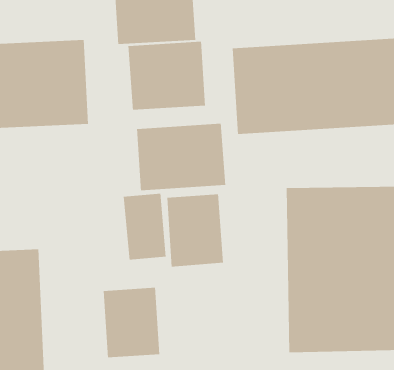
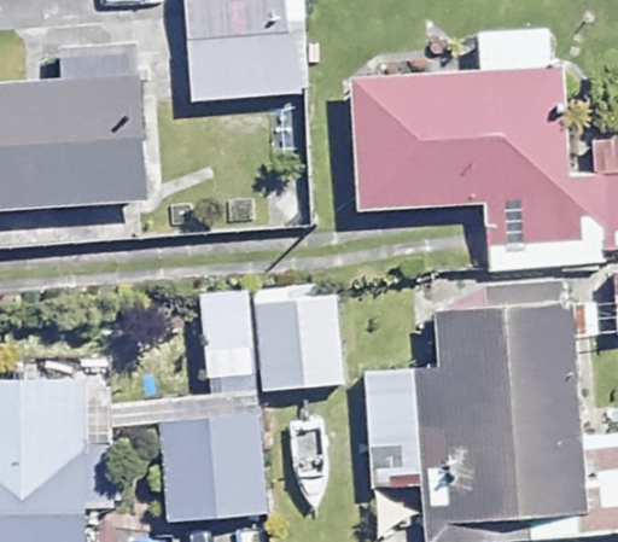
building: [128,41,206,111] -> none
building: [137,123,226,191] -> none

